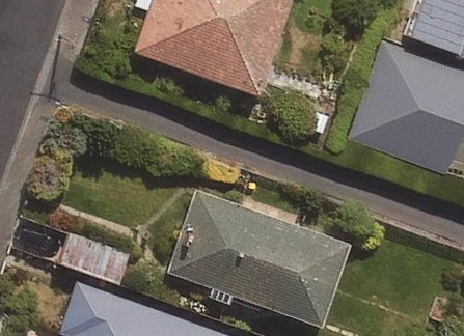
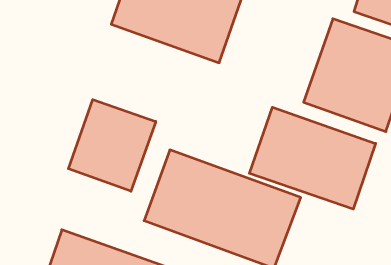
building: none -> [68,100,156,191]
building: none -> [249,107,376,209]

